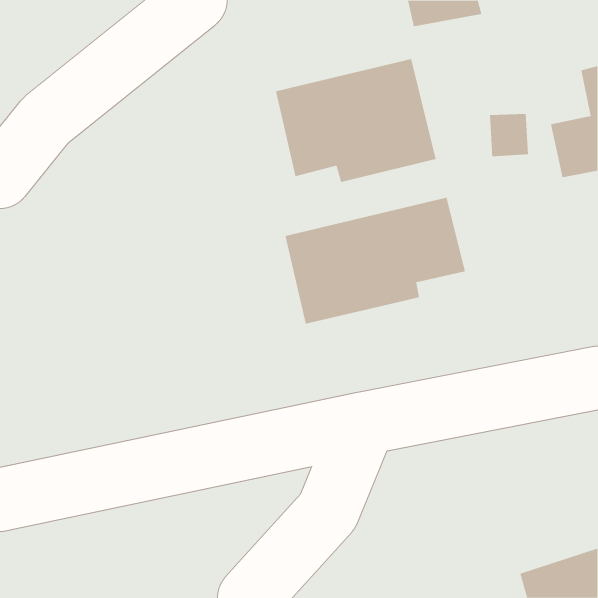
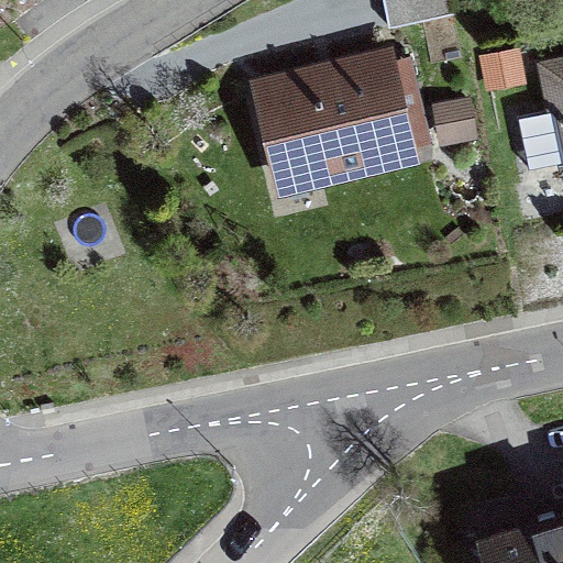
building: [285,197,466,325] -> none

